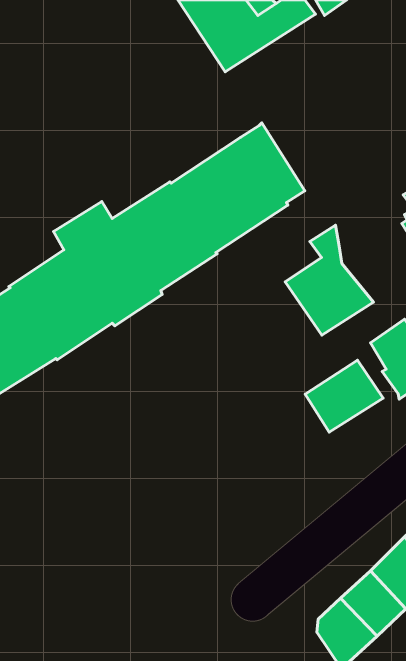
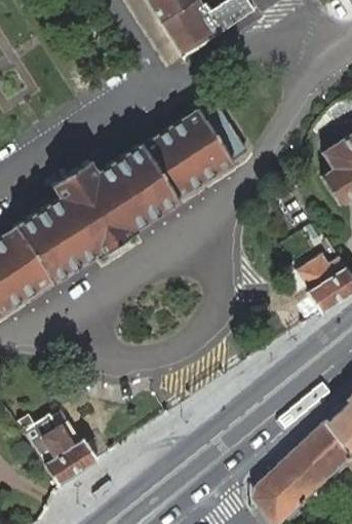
building: [285,225,373,335] -> none
building: [305,360,383,432] -> none
building: none -> [18,413,99,485]

